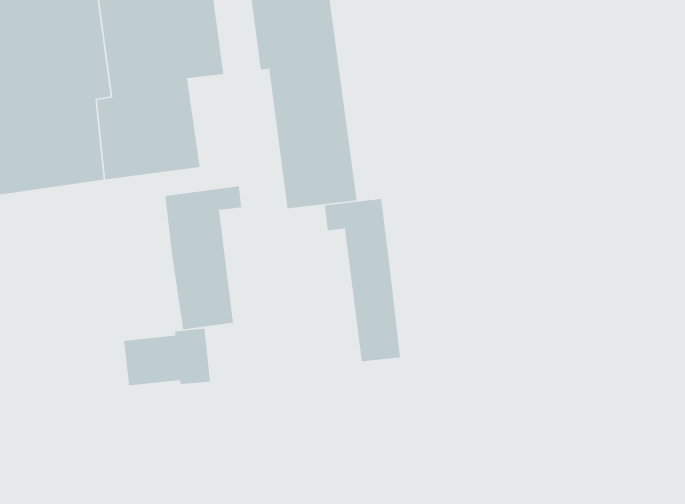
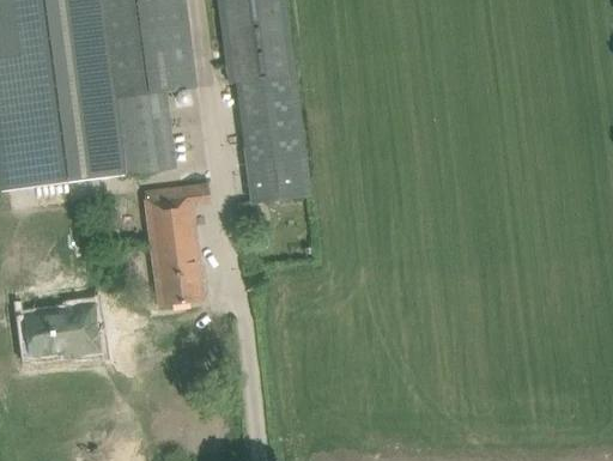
building: [324,198,401,362] -> none
building: [123,328,211,386] -> [20,299,96,350]

